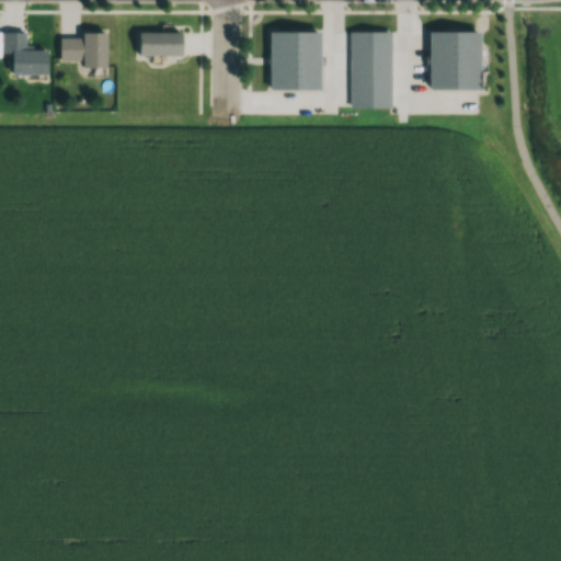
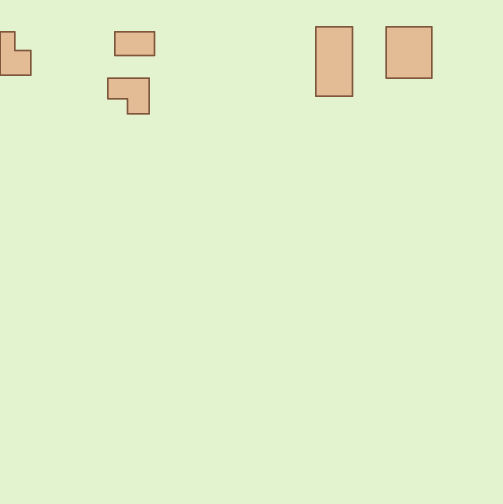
building: [271,30,321,88] -> none
building: [53,37,99,77] -> [108,78,149,114]

